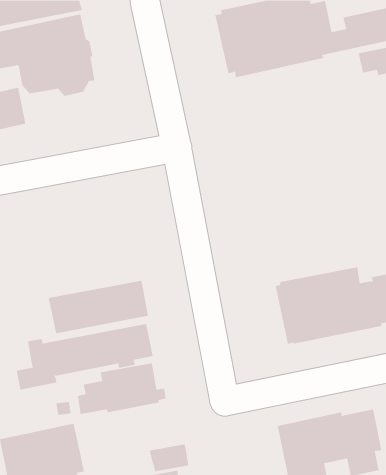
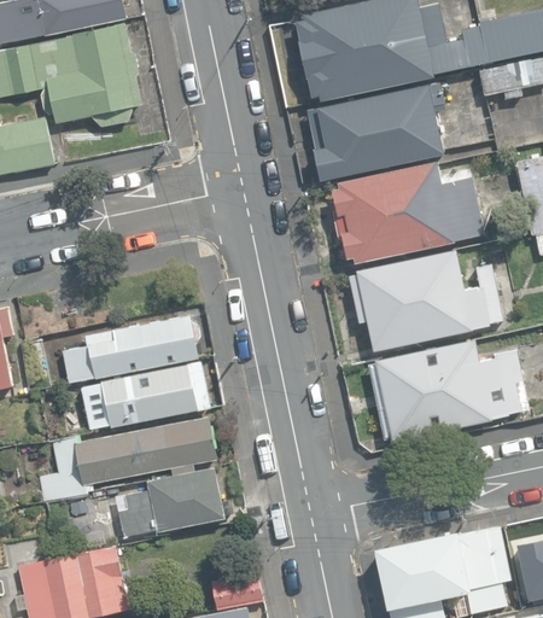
building: none -> [308,82,444,180]
building: none -> [331,162,483,262]
building: none -> [349,249,503,351]
building: none -> [62,316,199,383]

